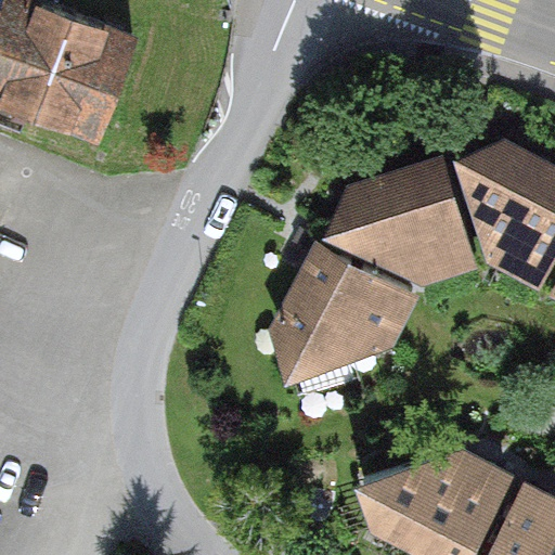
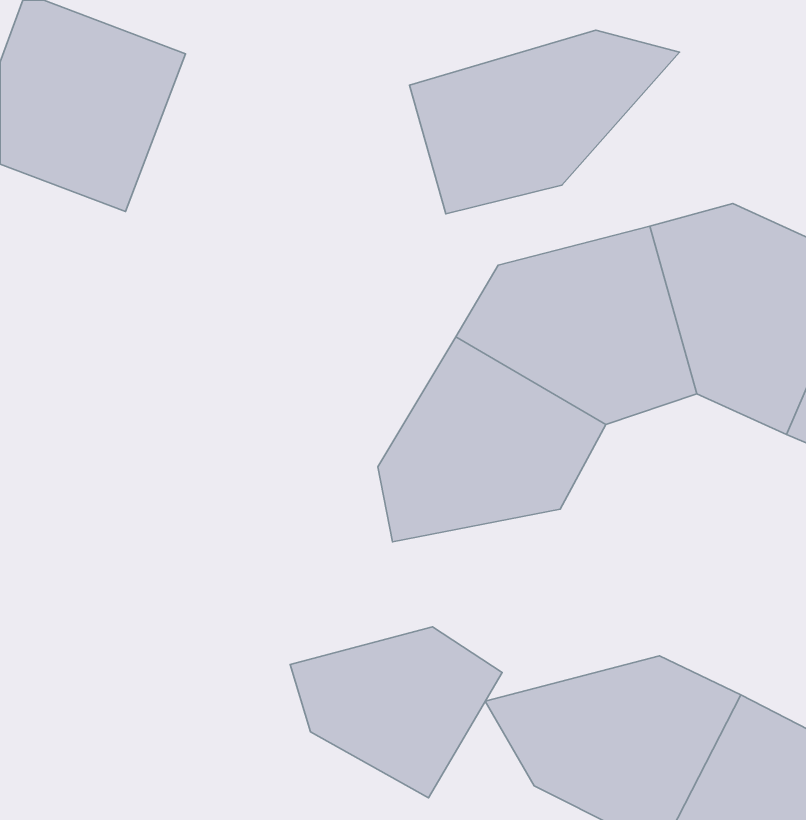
building: none -> [409,30,680,214]
building: none -> [290,627,502,798]

